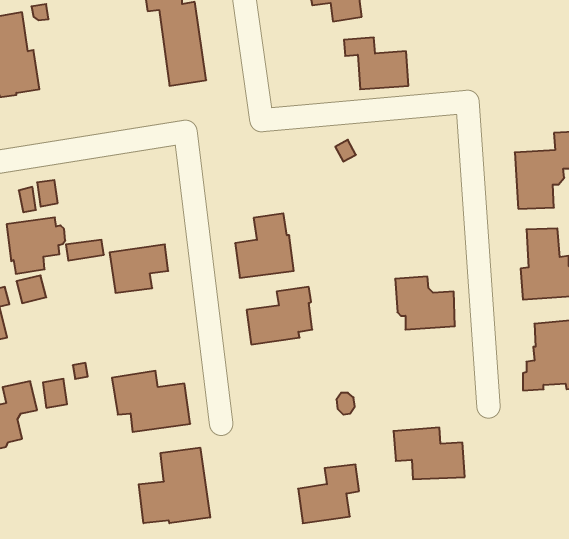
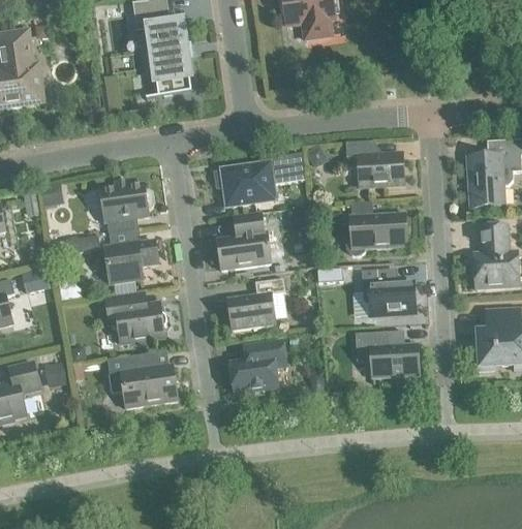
building: [344,38,408,89] -> [345,141,403,187]
building: none -> [214,153,305,207]
building: none -> [345,201,407,255]
building: [7,217,65,274] -> [100,183,153,234]
building: none -> [104,291,165,344]
building: [393,428,465,479] -> [355,331,419,377]
building: [139,448,210,523] -> none
building: [298,465,359,523] -> [231,341,285,394]

